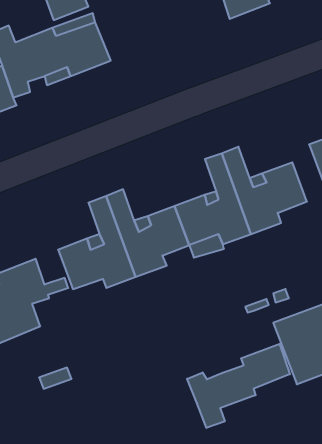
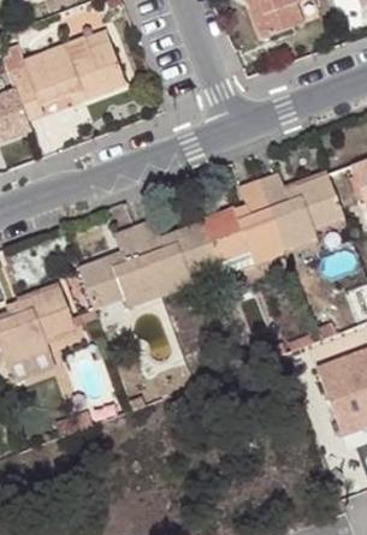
building: [187,344,290,428] -> none

